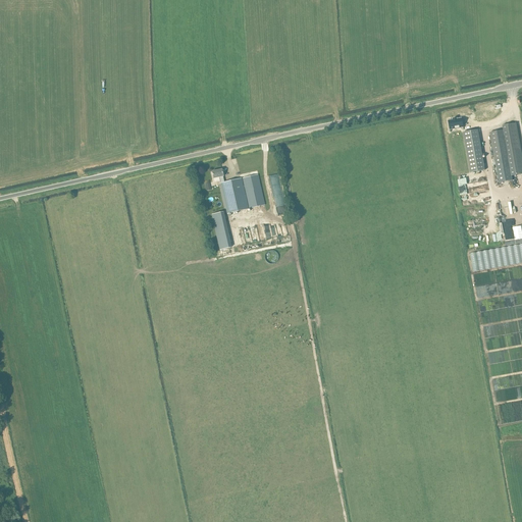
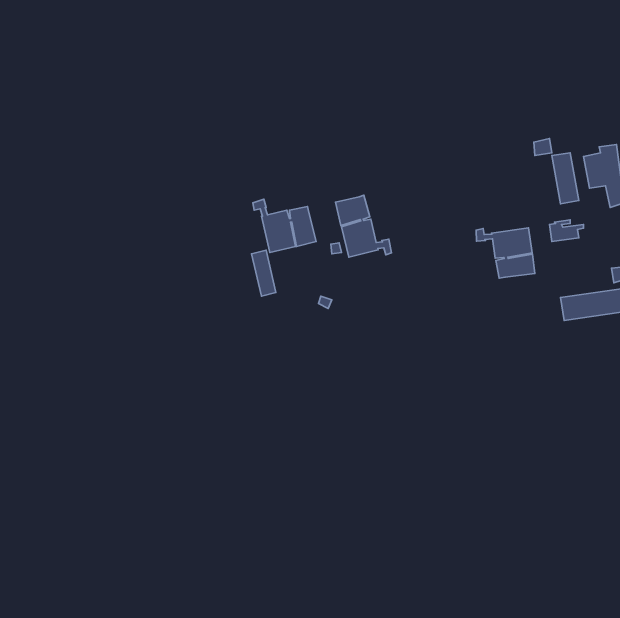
building: none -> [335,195,391,257]
building: none -> [476,228,535,278]

